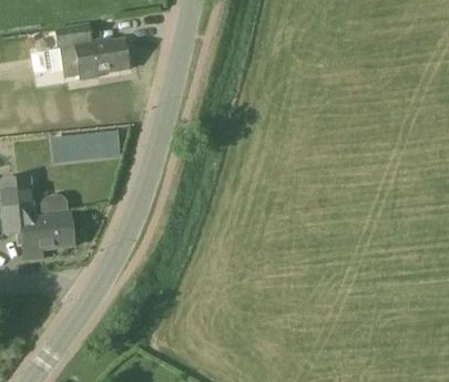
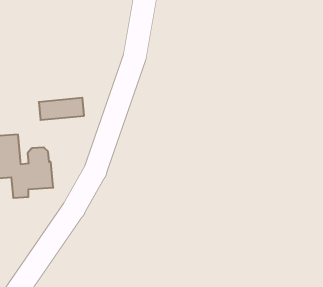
building: [54,23,129,95] -> none

